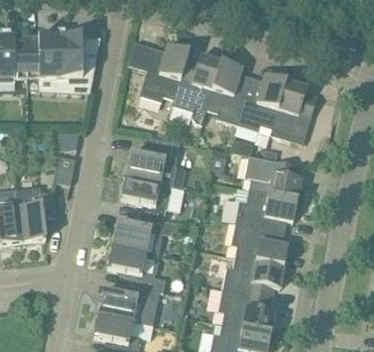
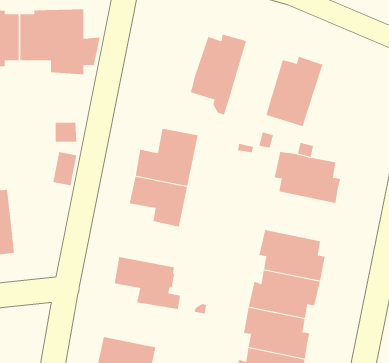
building: [128,41,189,101] -> none
building: [207,61,251,124] -> none
building: [270,81,318,144] -> none
building: [16,186,54,242] -> none
building: [234,188,297,232] -> none
building: [111,215,163,254] -> none
building: [98,284,159,325] -> none

